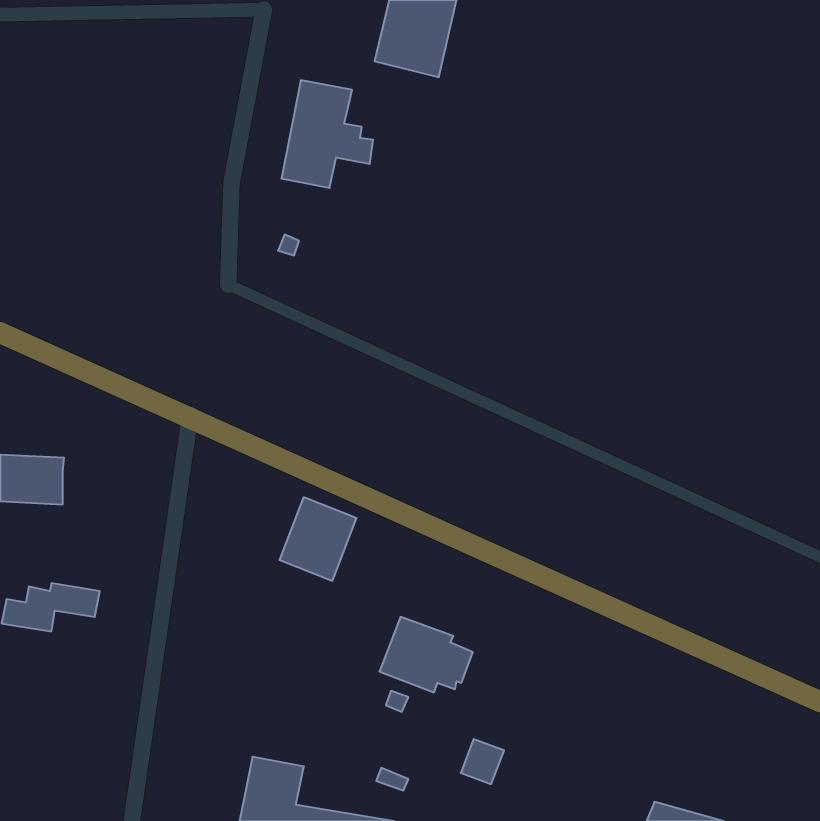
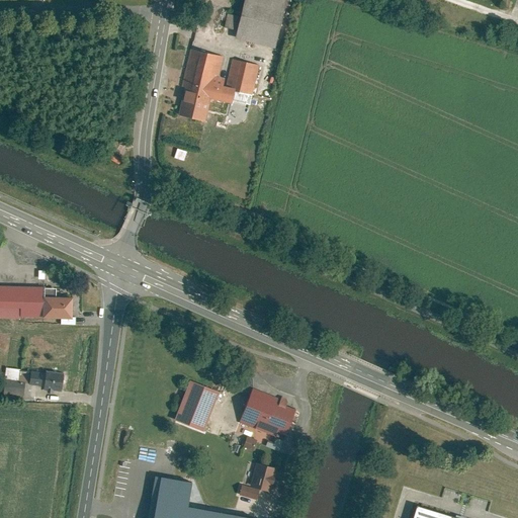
building: none -> [228,56,260,93]
building: none -> [40,296,69,319]
building: [279,497,357,581] -> [171,379,220,432]
building: [461,739,504,784] -> [249,462,276,491]

